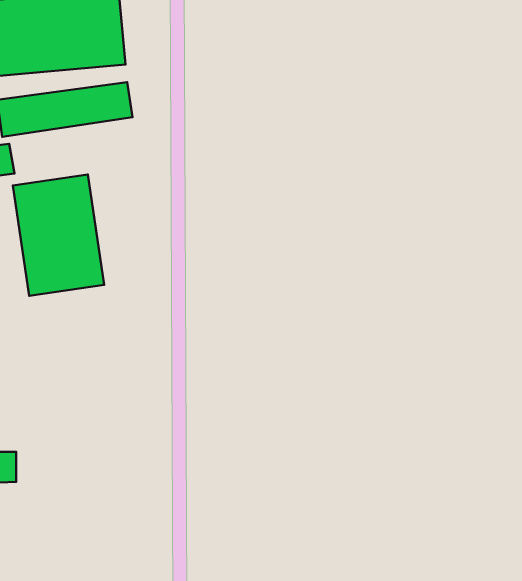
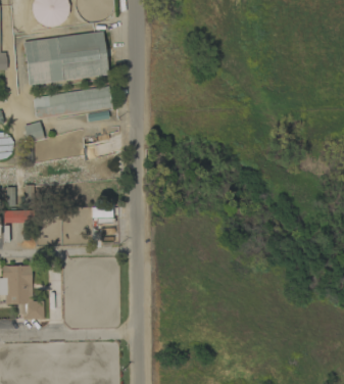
building: [13,175,104,296] -> none

